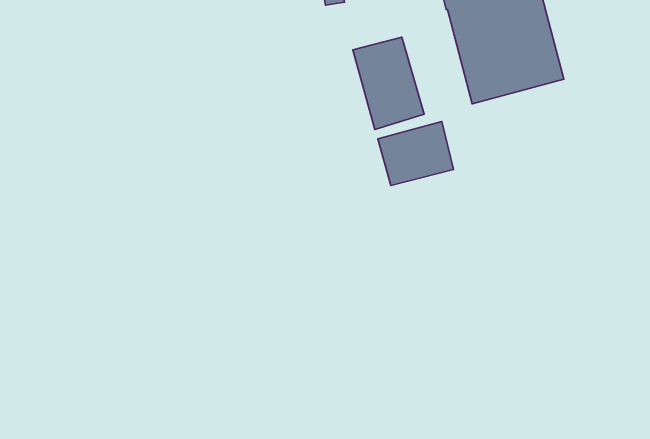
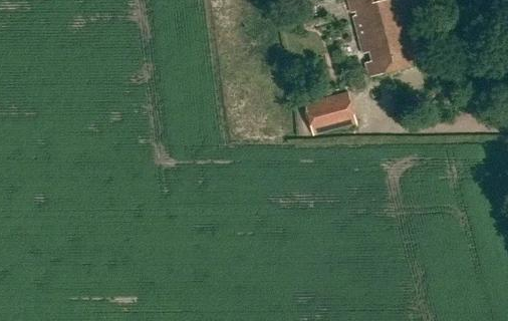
building: [353,37,424,130] -> none

